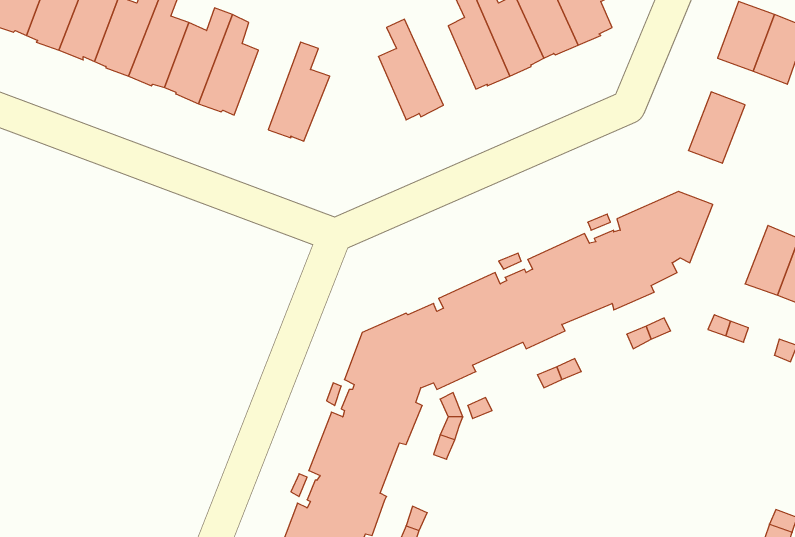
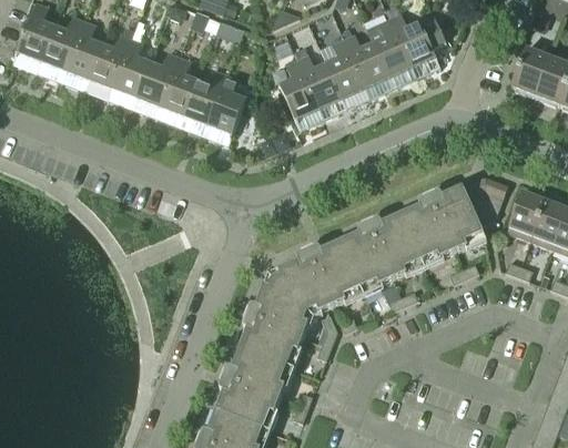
building: none -> [296,51,345,115]
building: none -> [180,68,225,132]
building: [688,92,745,163] -> [506,189,545,237]

